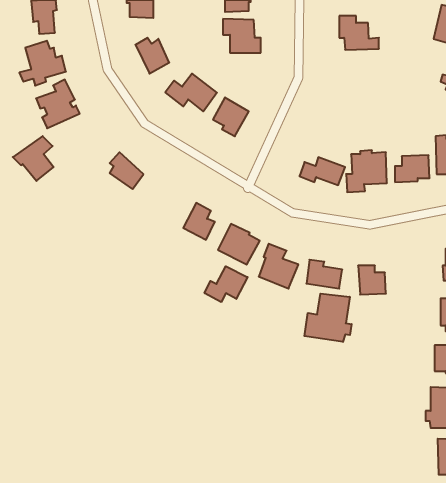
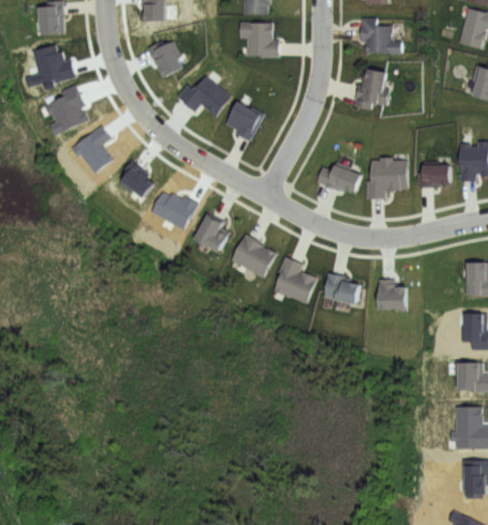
building: none -> [352,68,387,109]
building: [13,136,54,181] -> [68,126,111,172]
building: none -> [148,191,195,229]
building: [205,266,248,302] -> none
building: [304,294,352,342] -> none

